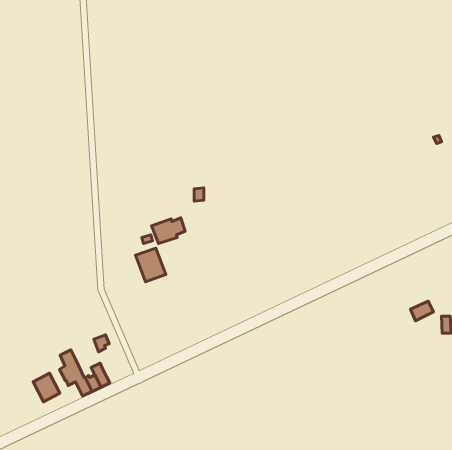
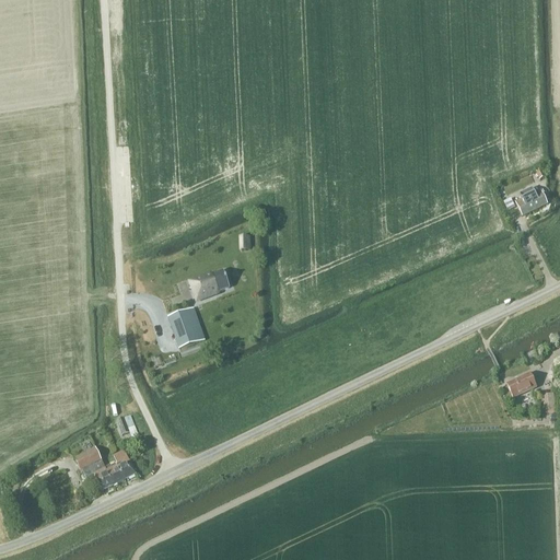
building: none -> [515,186,548,214]
building: [33,373,60,402] -> none

